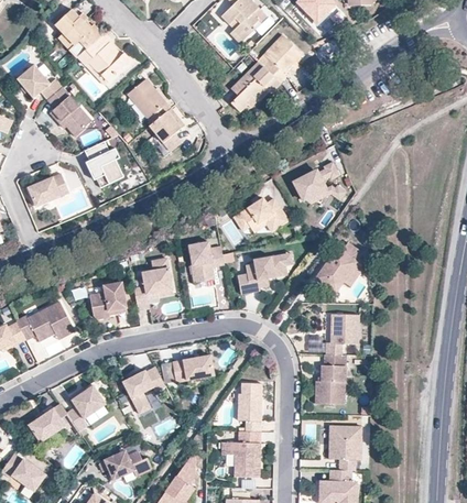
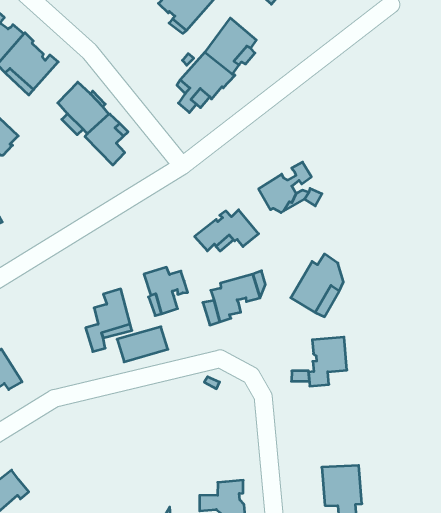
building: [83,140,123,187] -> none
building: [87,283,124,319] -> none
building: [170,354,213,382] -> [117,327,168,362]
building: [313,354,343,403] -> none
building: [121,367,163,414] -> none
building: [236,382,259,430] -> none
building: [66,386,106,431] -> none

